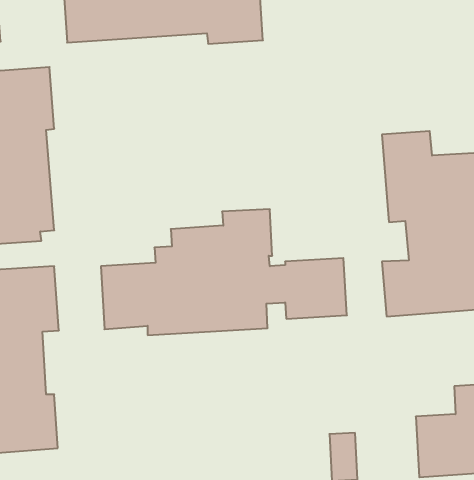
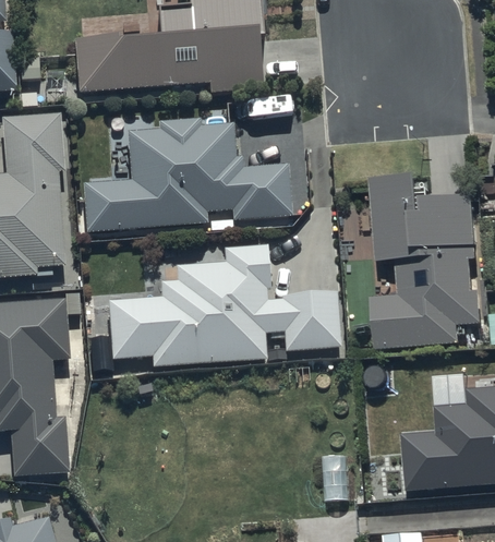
building: none -> [83,117,290,232]

